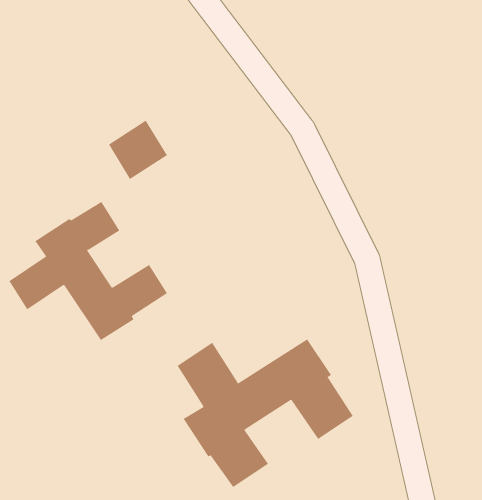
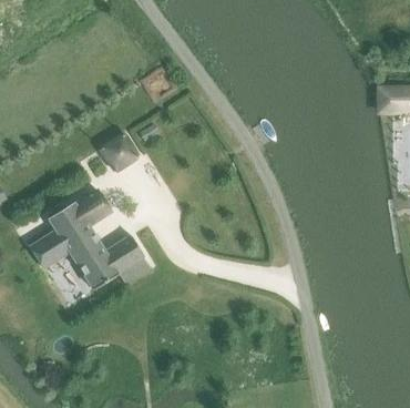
building: [177,338,354,488] -> none

